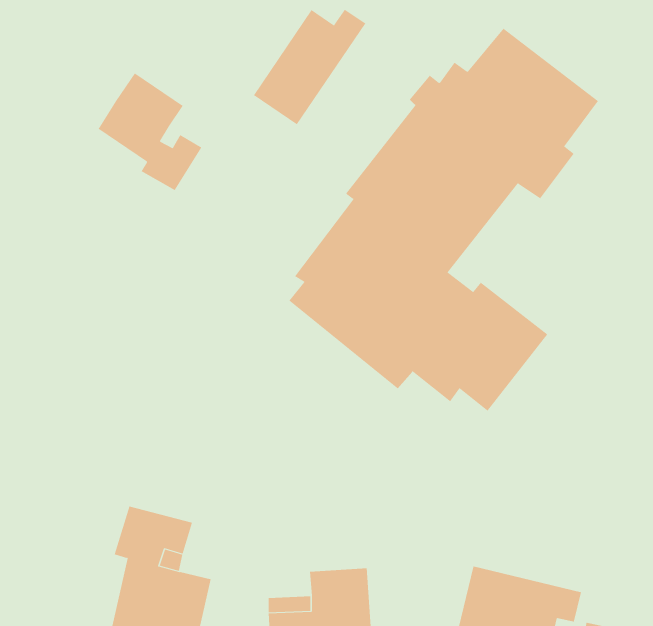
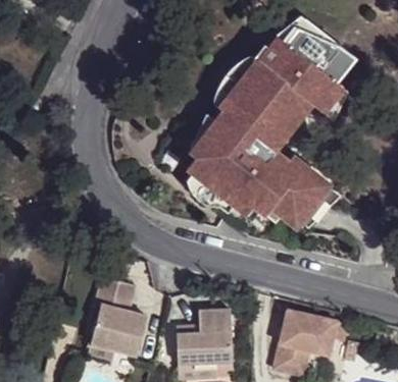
building: [253,9,366,125] -> none
building: [98,73,202,191] -> none

